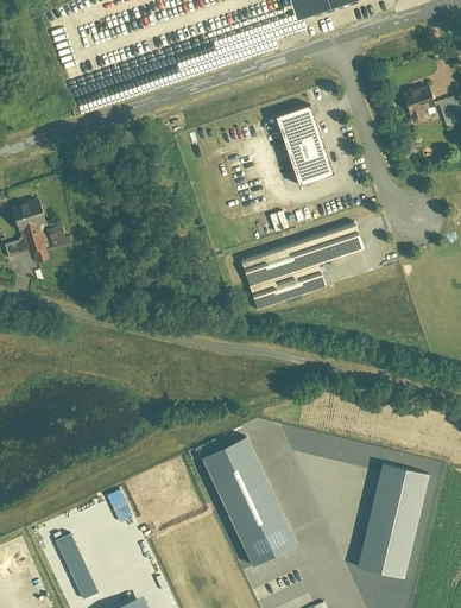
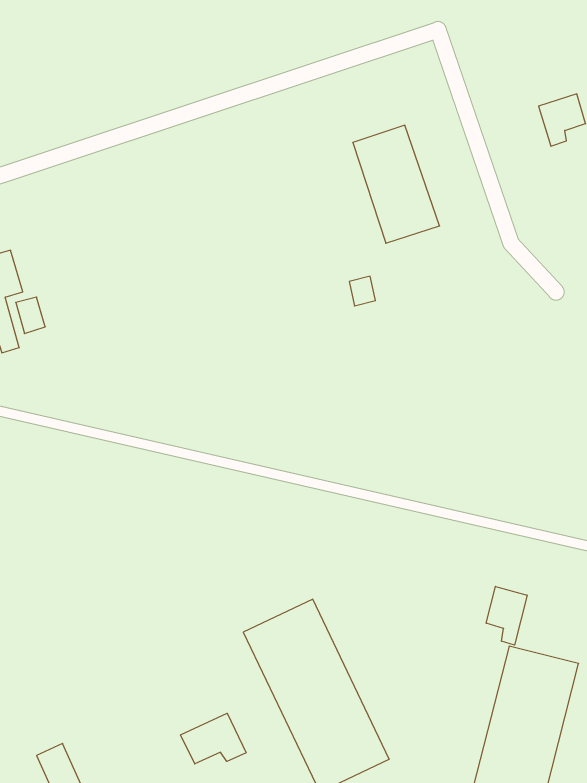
building: [239,220,367,311] -> none
building: none -> [486,586,527,645]
building: none -> [180,713,246,764]

